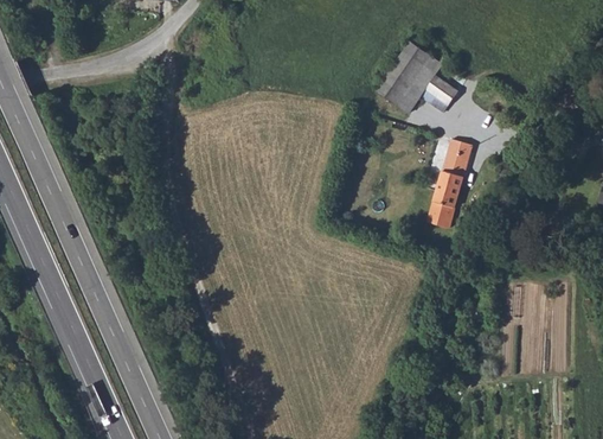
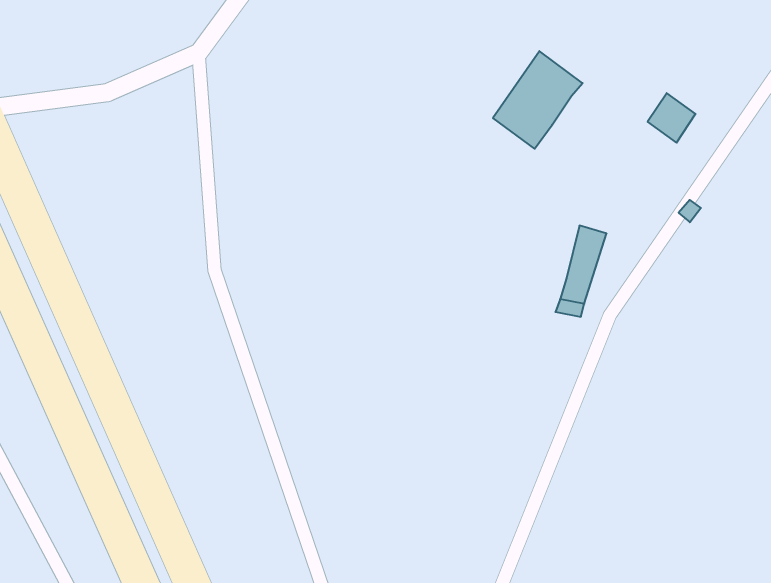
building: [422,72,457,109] -> [648,93,696,143]
building: [442,136,473,174] -> none

